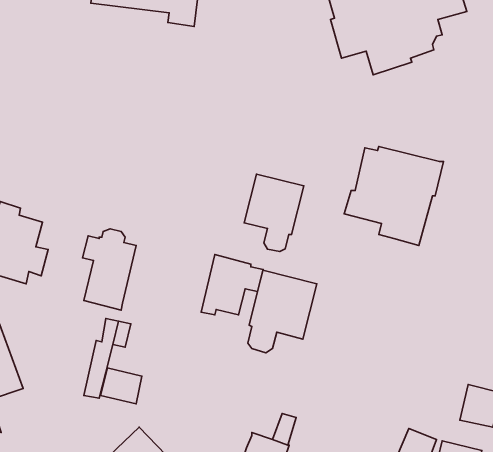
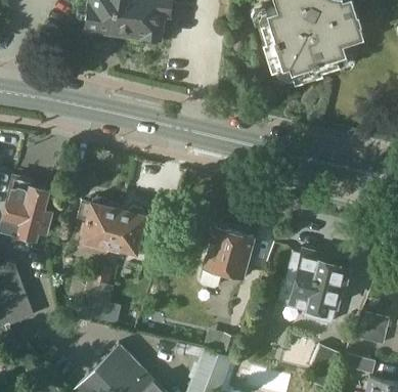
building: [344,146,443,245] -> [277,250,351,323]
building: [244,174,304,252] -> none
building: [201,254,263,315] -> [107,209,153,254]

